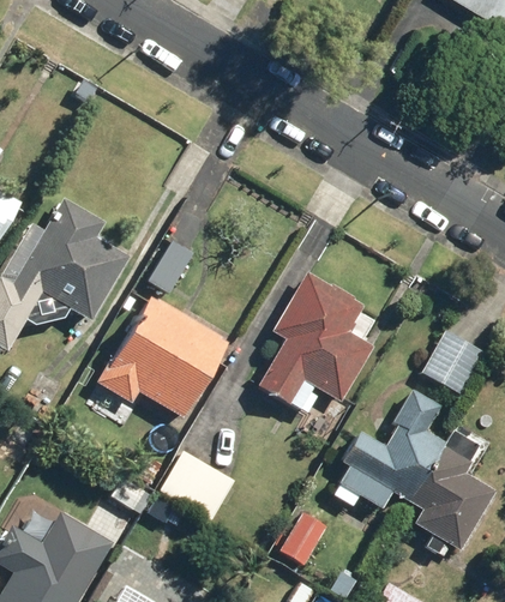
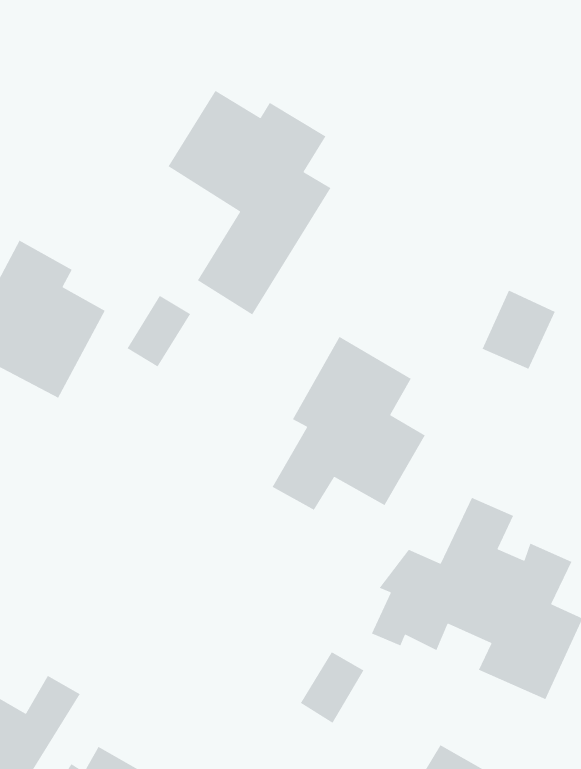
building: none -> [168,90,331,315]
building: [98,294,232,420] -> none
building: [422,332,479,393] -> [482,289,556,370]

